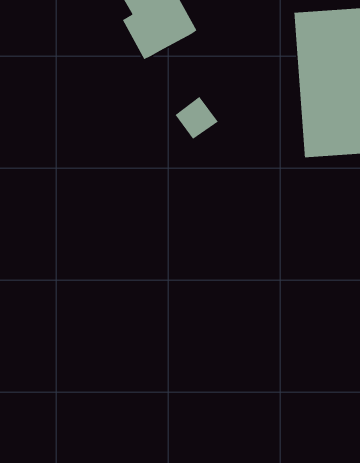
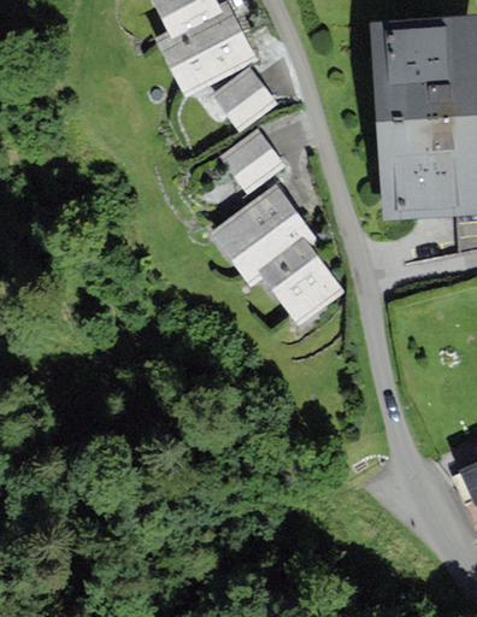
building: none -> [216,71,270,124]
building: none -> [212,187,341,318]

